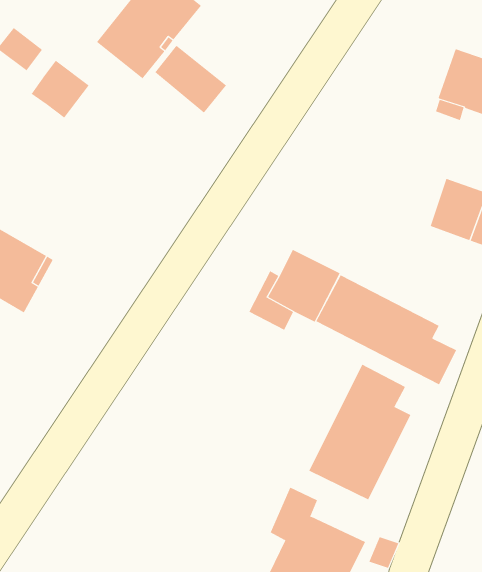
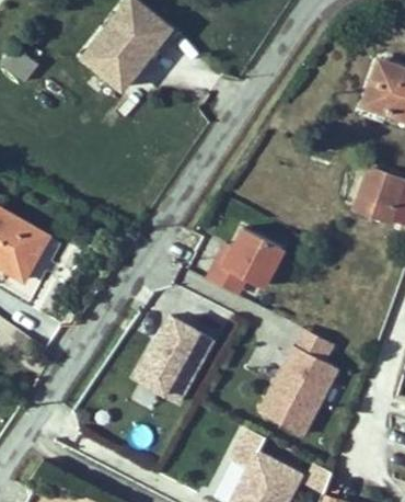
building: [155,45,227,113] -> none
building: [31,60,90,119] -> none
building: [316,275,457,385] -> none
building: none -> [135,310,217,406]

